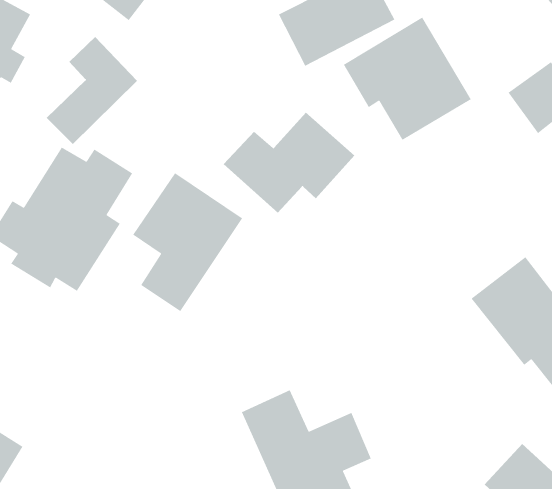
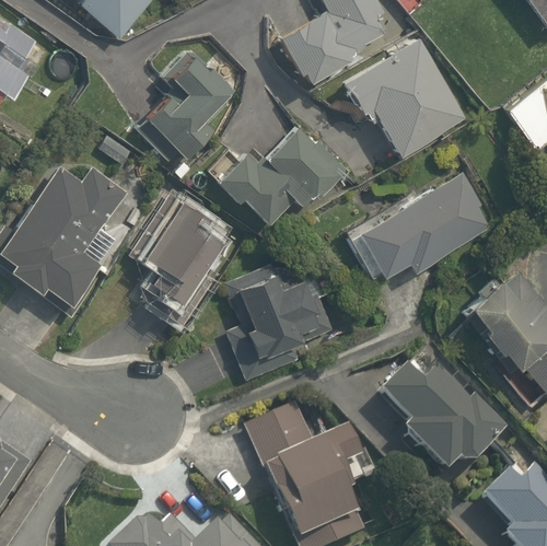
building: [46,36,138,145] -> [149,49,238,155]
building: none -> [341,174,490,286]
building: none -> [220,259,319,373]
building: none -> [376,346,508,478]

